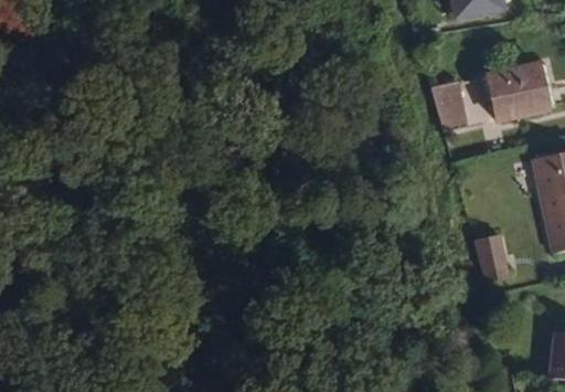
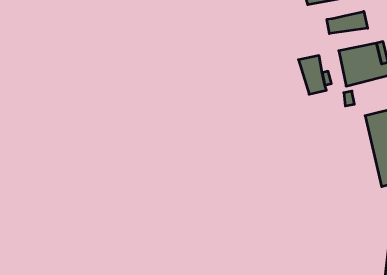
building: none -> [327,11,368,34]
building: [476,232,509,282] -> none

